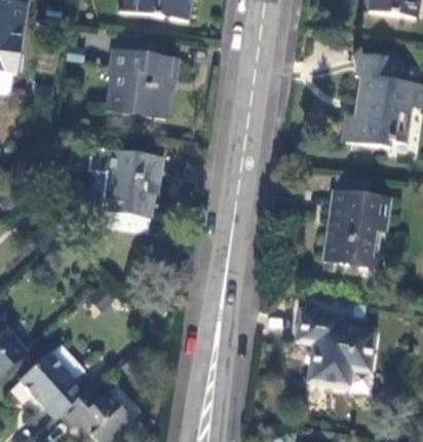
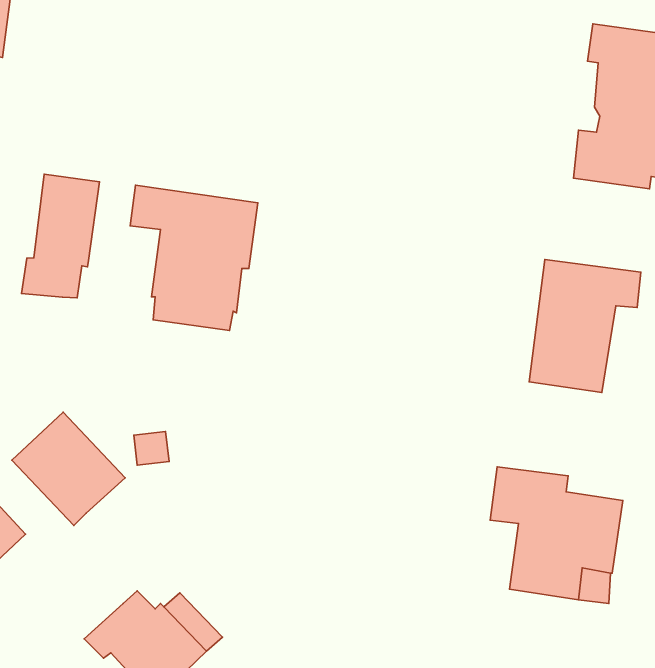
building: [111,51,180,120] -> none
building: none -> [21,174,99,298]
building: [18,351,84,416] -> [12,412,125,526]

